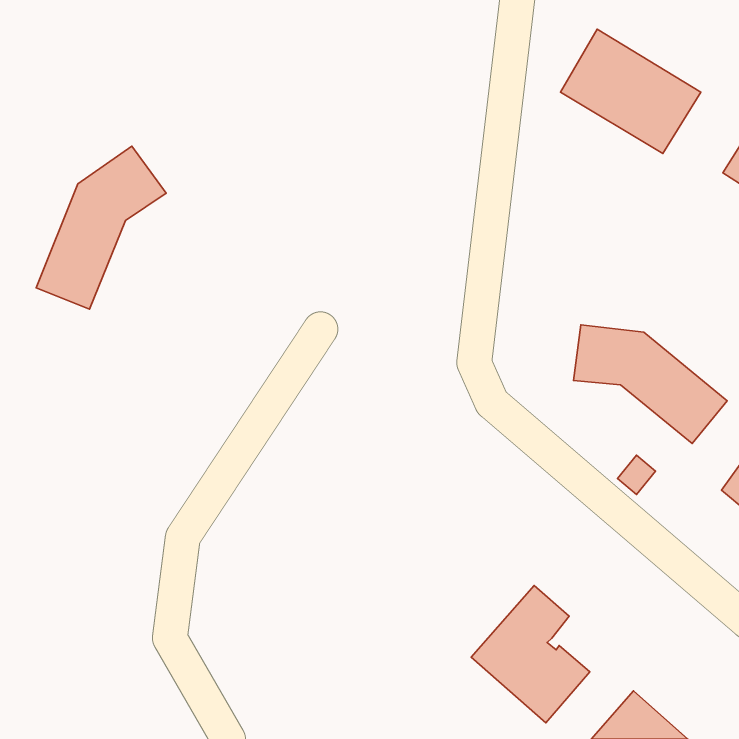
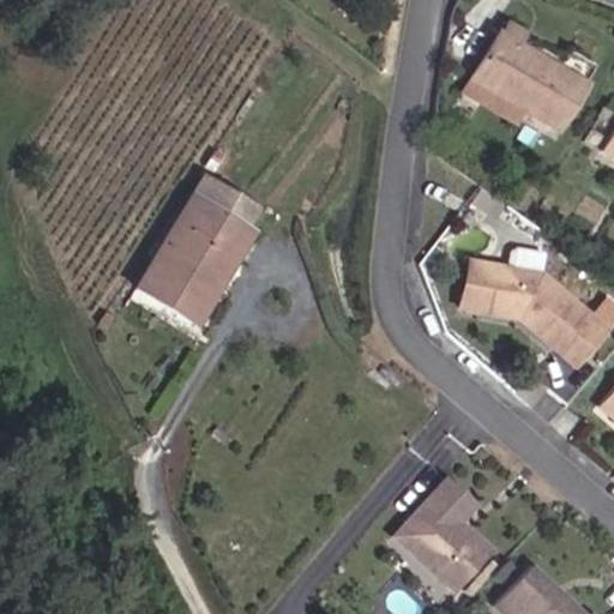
building: [36,146,166,309] -> none
building: none -> [143,197,265,344]

